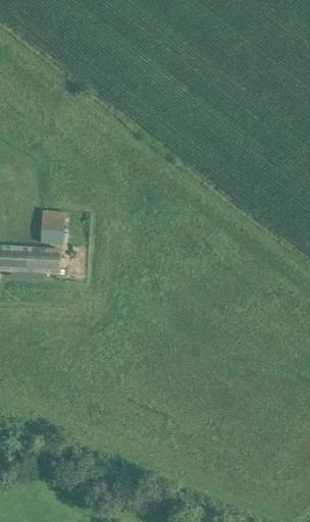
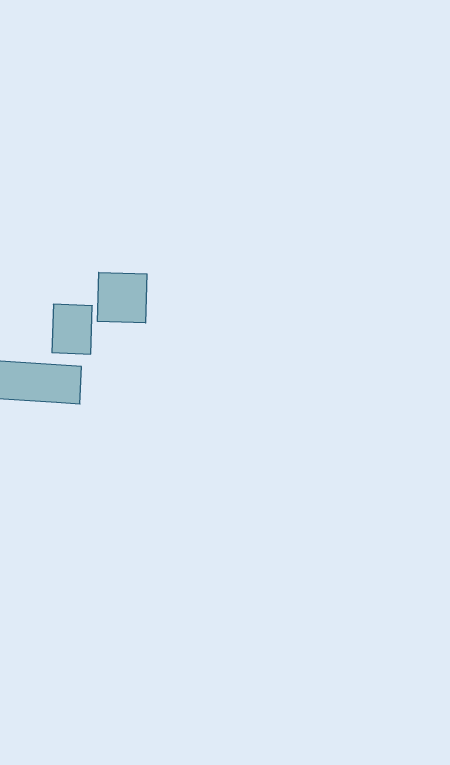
building: none -> [97,272,147,323]

